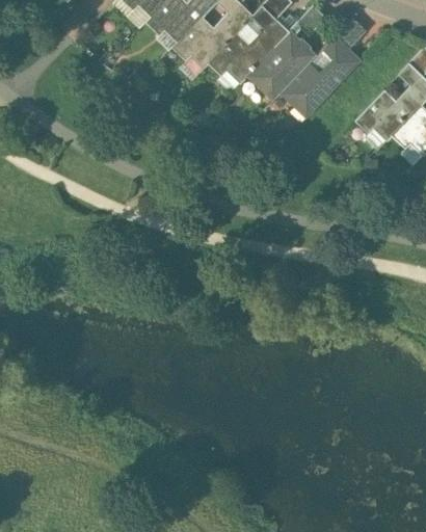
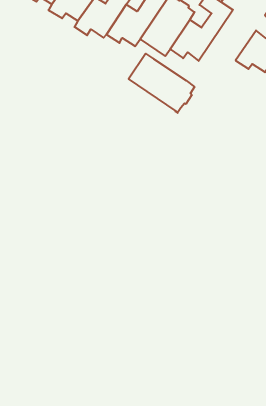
building: none -> [129,54,194,113]

